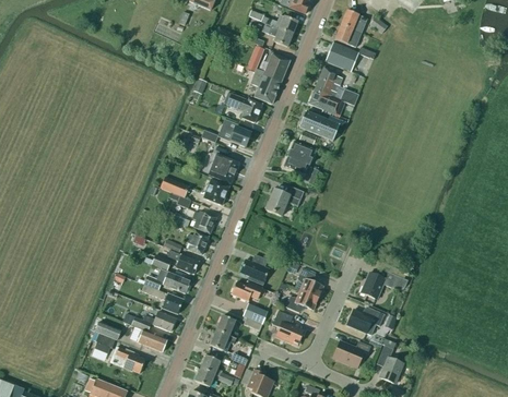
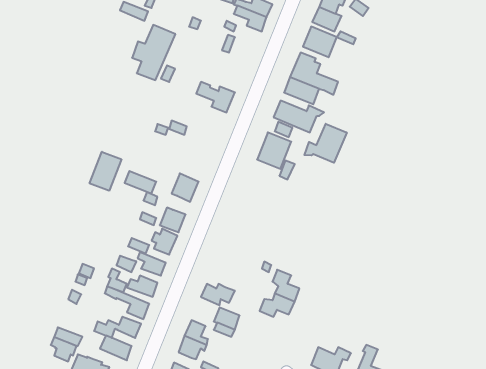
building: [249,52,290,104] -> [132,25,175,80]
building: [220,120,250,146] -> none
building: none -> [304,124,347,163]
building: [206,156,238,183] -> none
building: none -> [90,152,121,191]
building: [265,187,304,216] -> none
building: [239,254,269,285] -> none
building: [361,267,406,299] -> none
building: [346,306,383,333] -> none
building: [272,310,303,345] -> none

